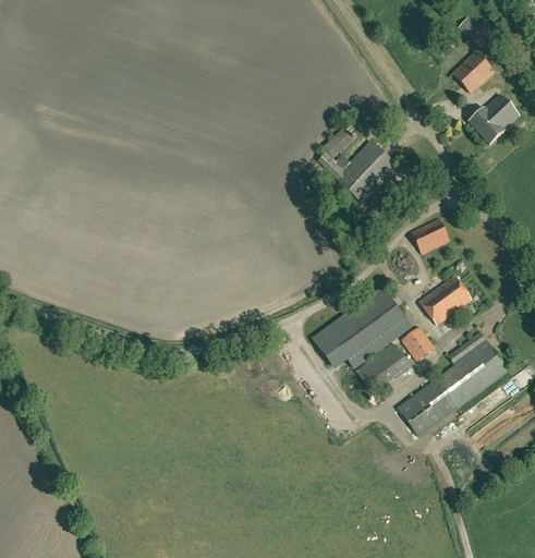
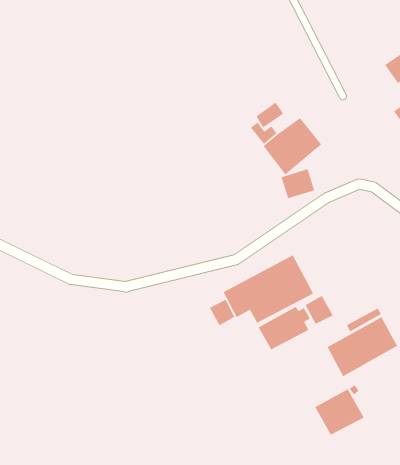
building: [411,218,450,254] -> [280,168,315,199]
building: [421,276,471,323] -> none
building: none -> [209,298,235,326]
building: [398,383,453,436] -> [314,388,365,436]

